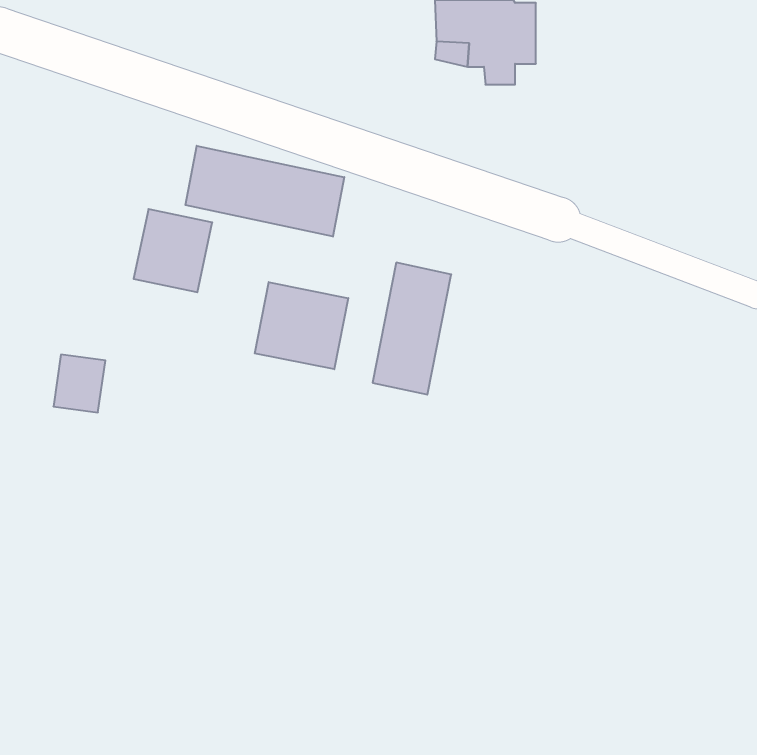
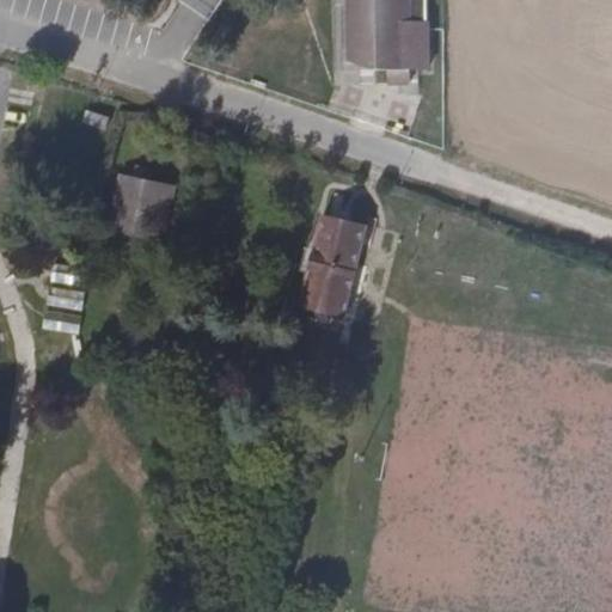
building: [185,146,344,237] -> none
building: [255,282,348,369] -> none

